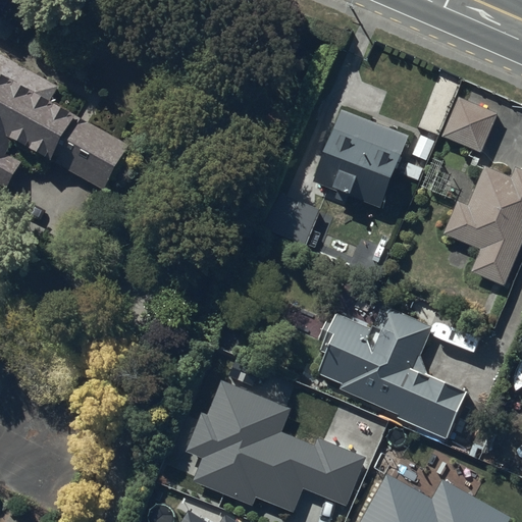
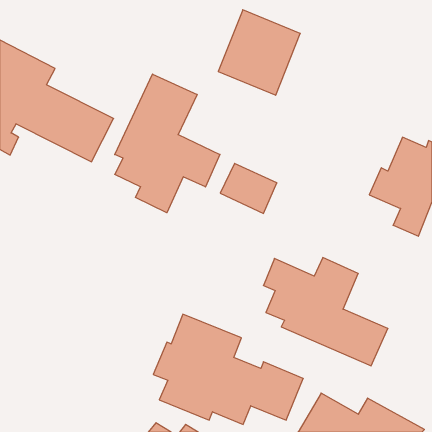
building: none -> [115,74,220,213]
building: [442,98,498,154] -> none
building: [313,111,412,214] -> [218,10,300,95]

